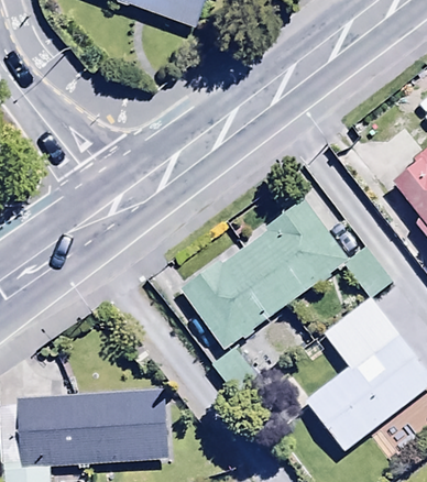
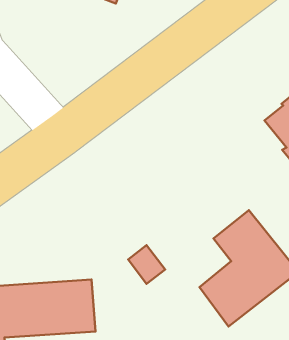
building: [180,196,395,351] -> none

